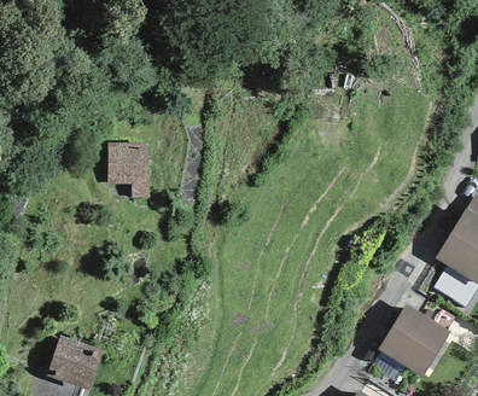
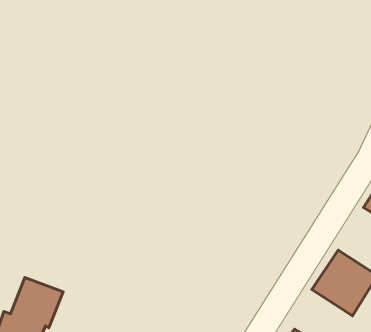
building: [109,144,148,199] -> none

